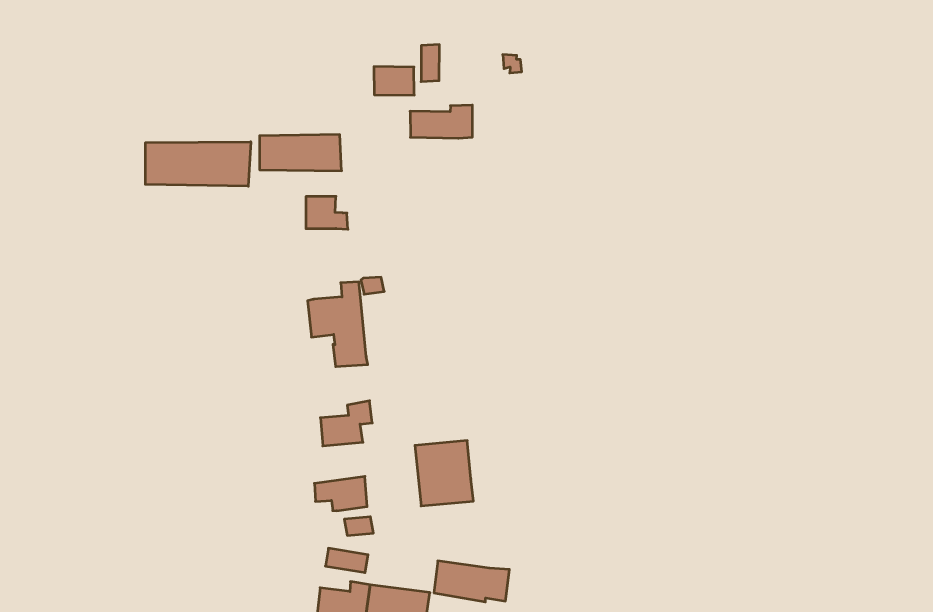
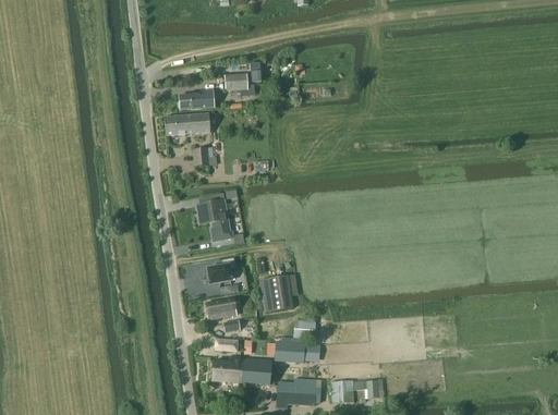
building: [410,105,472,138] -> [179,88,214,108]
building: [145,142,251,186] -> none

